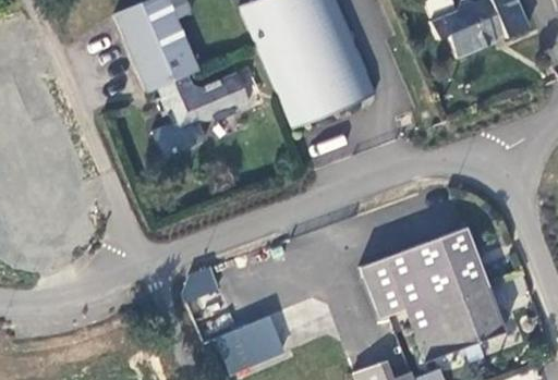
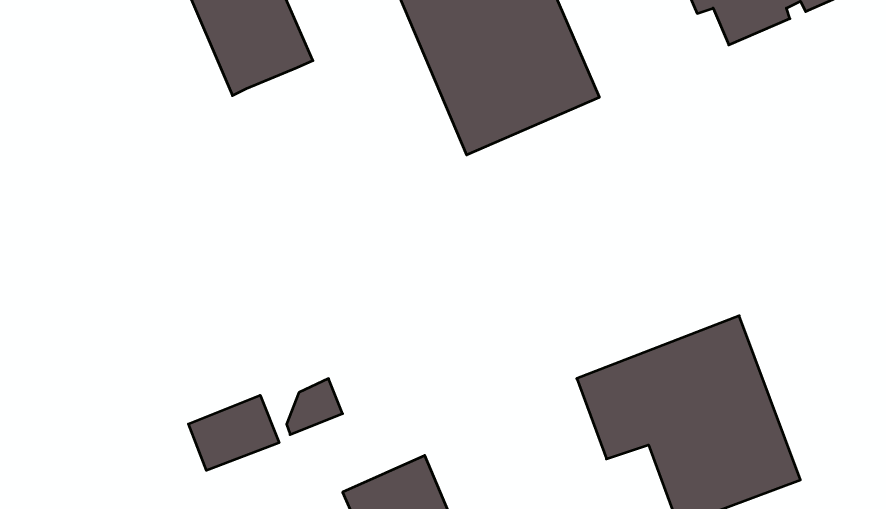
building: [153,71,251,157] -> none
building: none -> [188,395,279,470]

